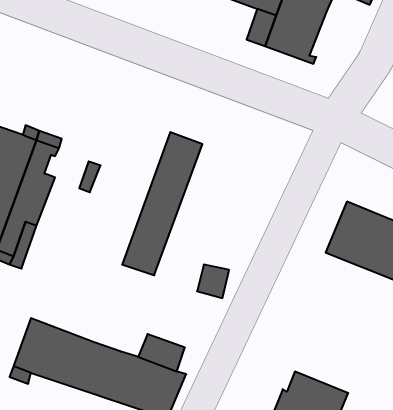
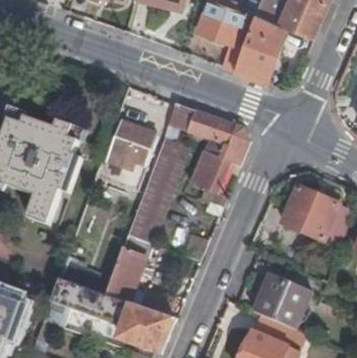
building: none -> [163,102,249,193]
building: none -> [110,121,157,164]
building: none -> [106,235,153,301]
building: none -> [257,276,313,332]

